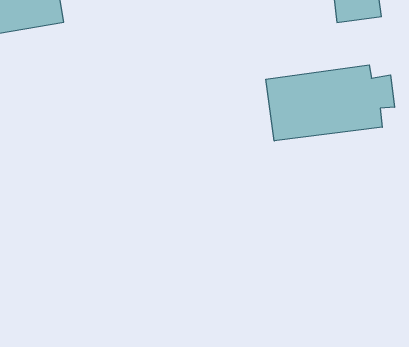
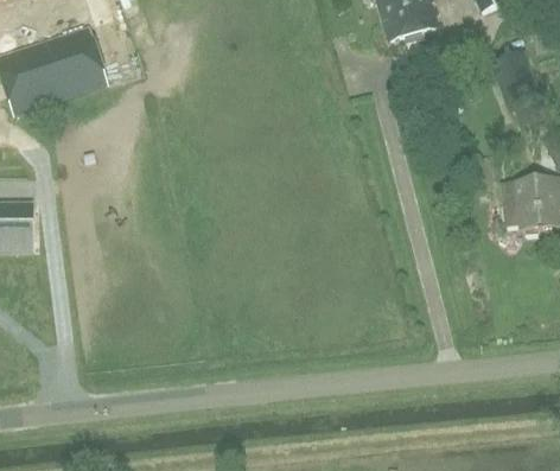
building: [266,65,395,141] -> none

